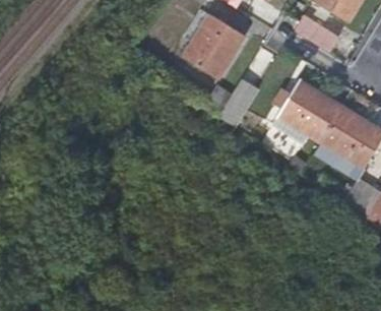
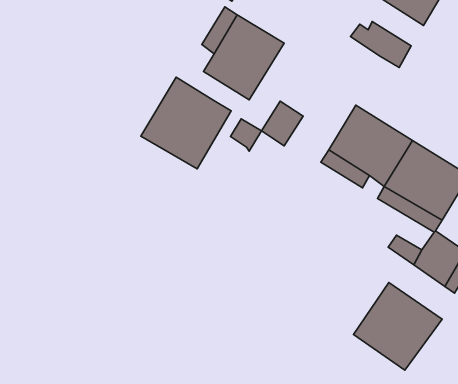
building: none -> [141,77,231,169]
building: none -> [353,283,442,370]

